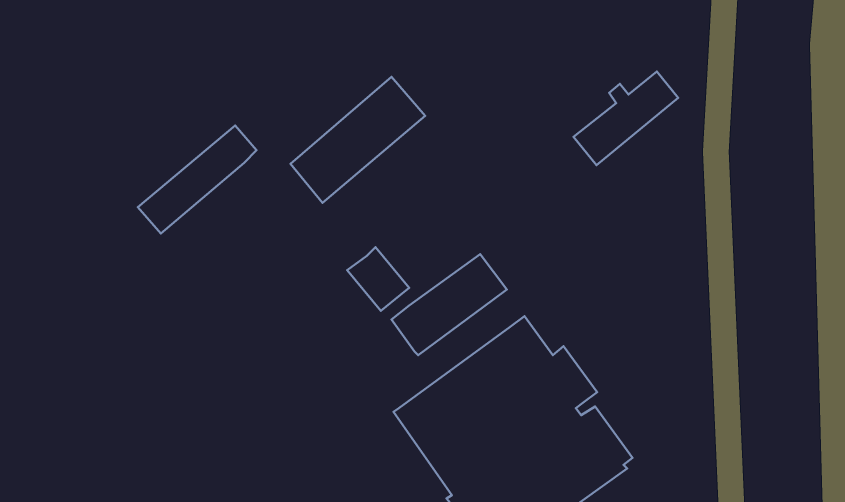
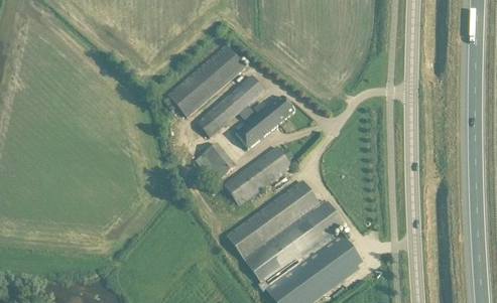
building: [574,71,678,165] -> [235,96,294,149]
building: [138,126,257,234] -> [197,75,264,137]

